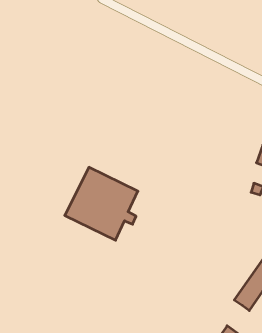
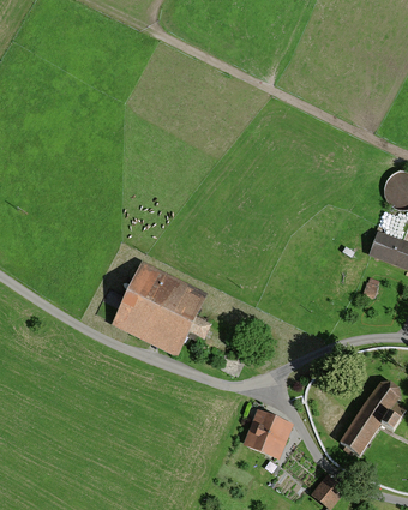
building: none -> [247,410,293,458]

